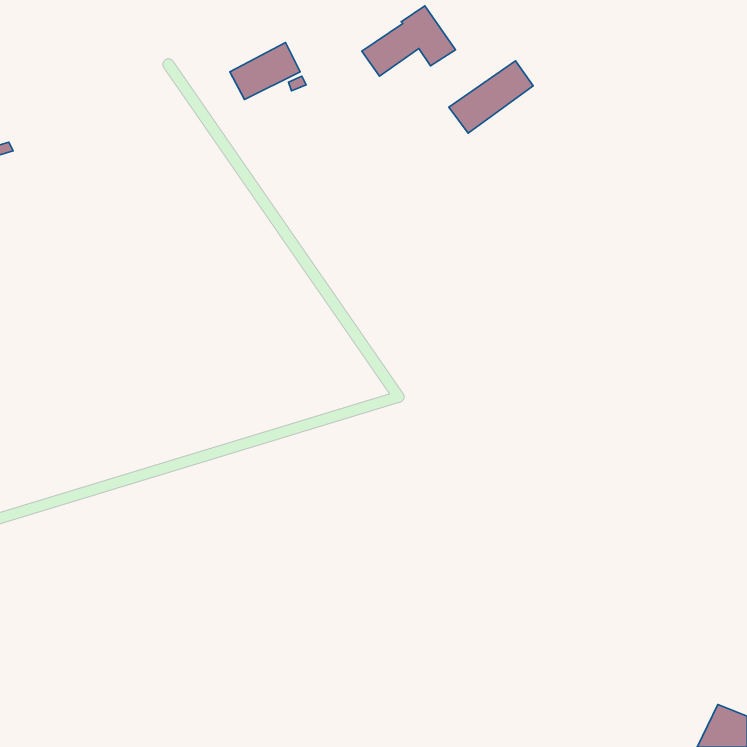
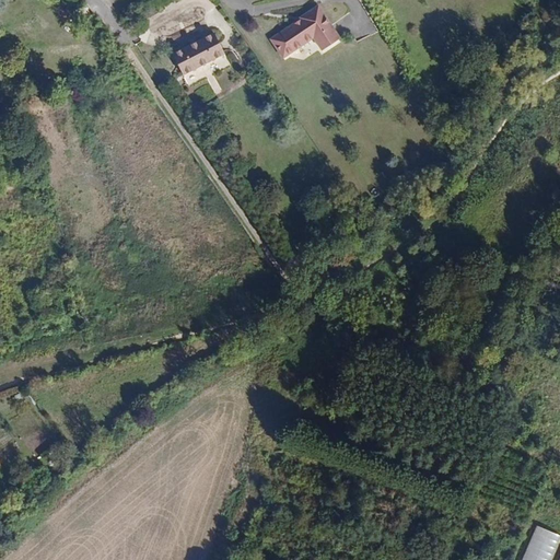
building: [449,61,533,133] -> none

